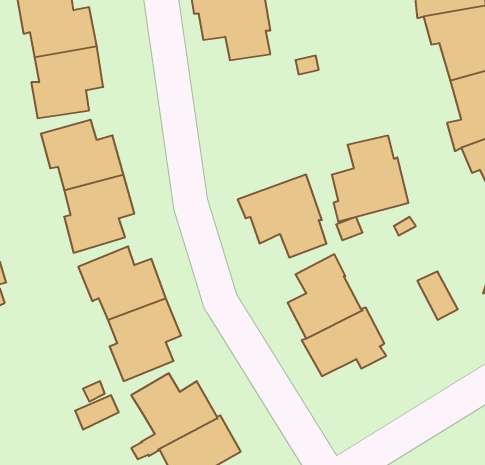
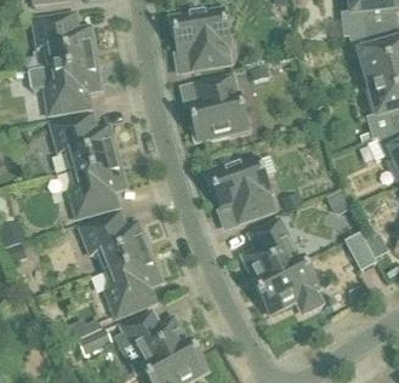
building: [332,136,408,222] -> [189,75,249,142]

